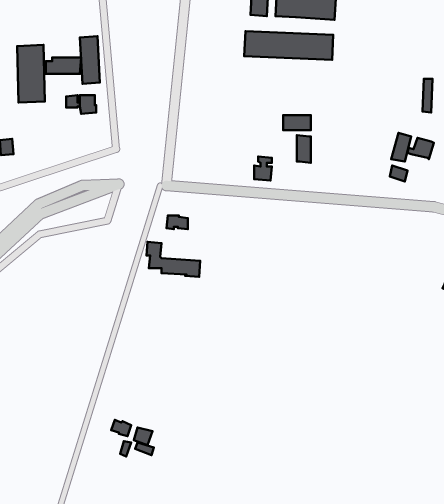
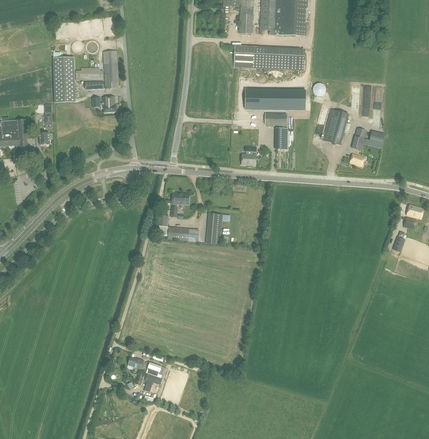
building: none -> [244,88,304,110]
building: none -> [322,109,348,145]
building: none -> [205,213,221,244]

